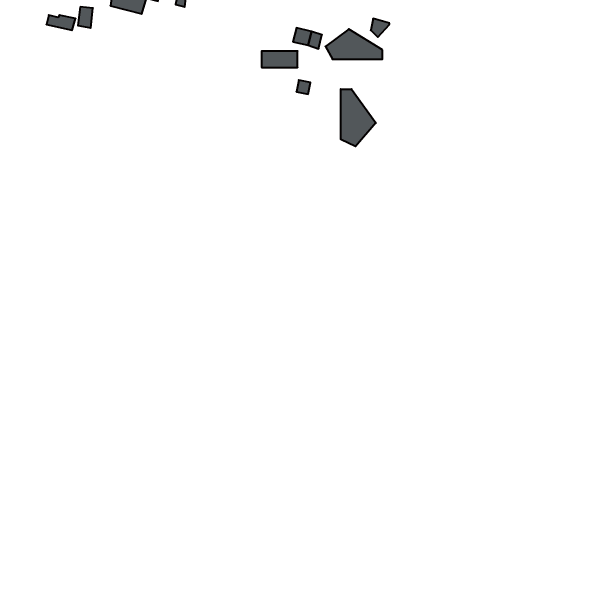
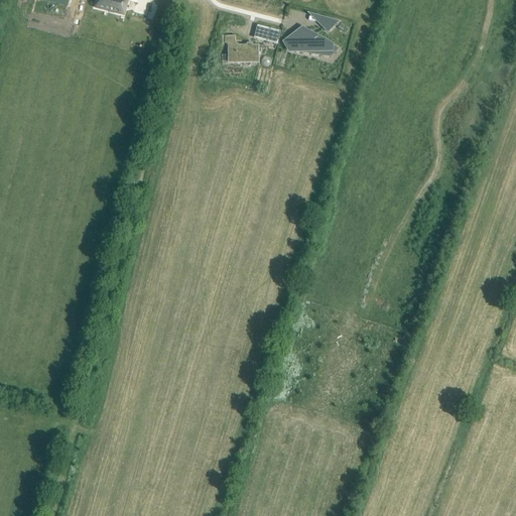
building: [341,89,376,146] -> none

